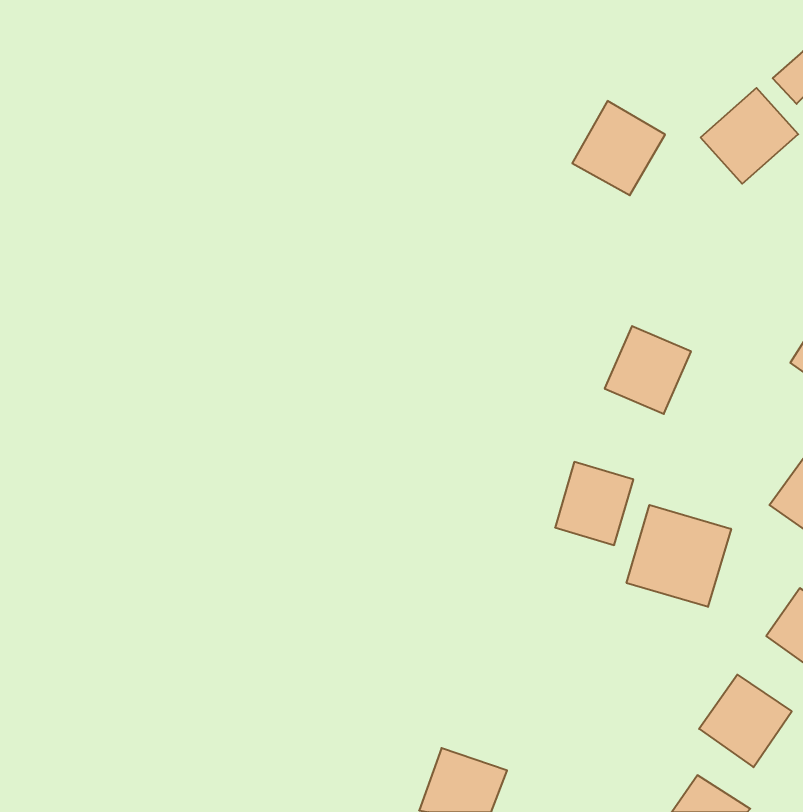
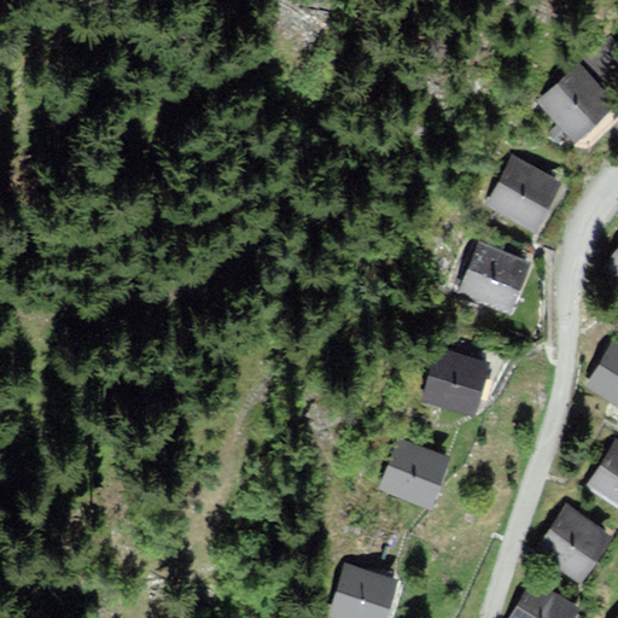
building: [572,101,665,195] -> [492,161,562,232]
building: [627,505,731,607] -> none
building: none -> [366,435,443,515]

